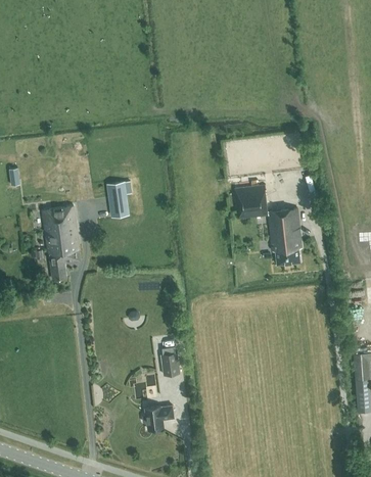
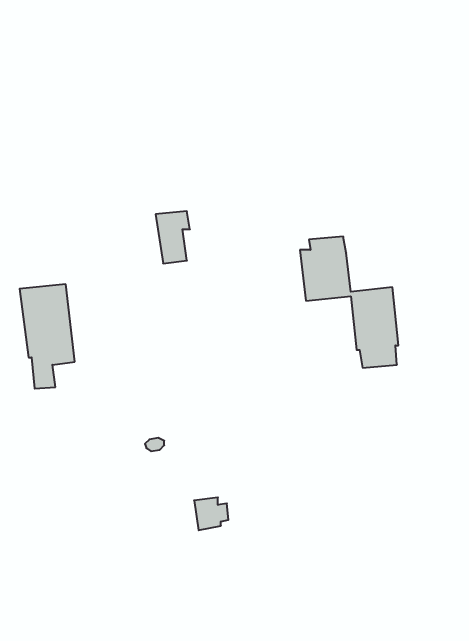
building: [107,182,131,218] -> [156,211,190,263]
building: [142,406,174,430] -> none

